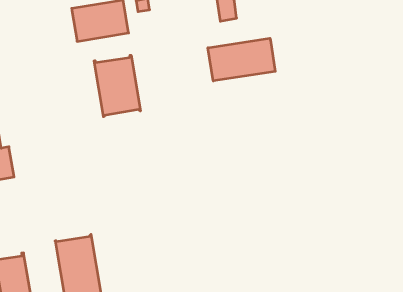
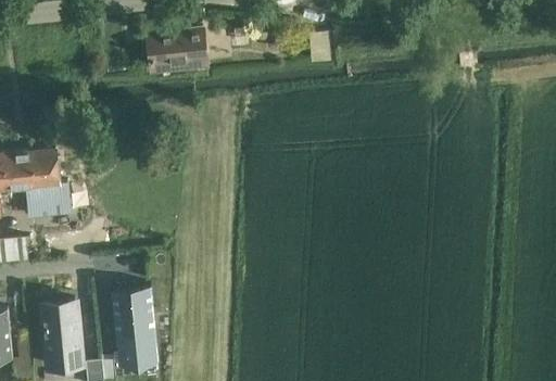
building: [208,38,275,81] -> none
building: [94,55,140,117] -> none

